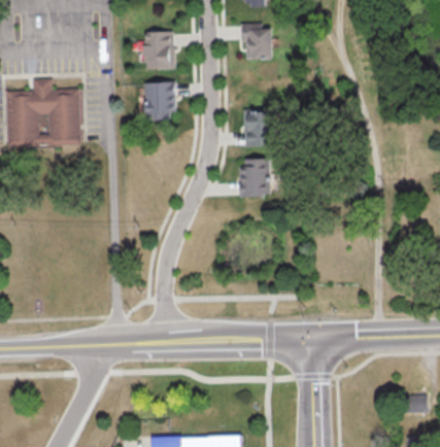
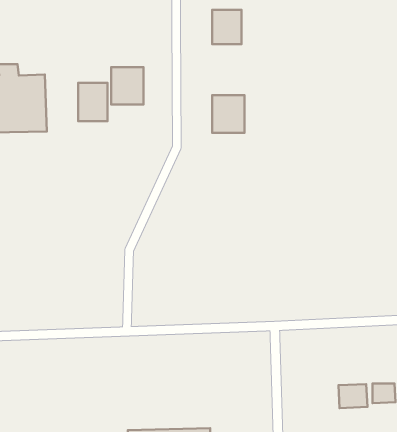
building: [144,31,173,69] -> [78,83,107,121]
building: [240,159,270,196] -> none
building: none -> [339,384,367,408]

